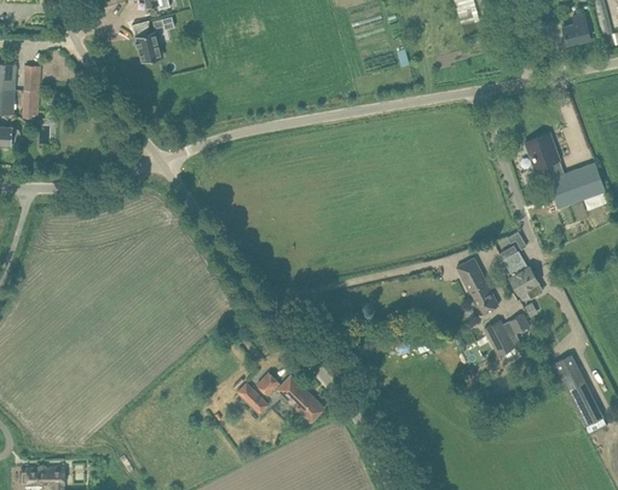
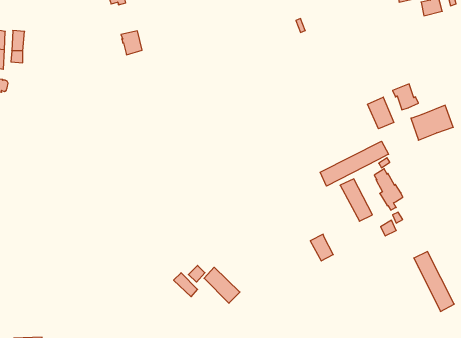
building: [134,30,162,62] -> [121,31,142,55]
building: none -> [367,97,394,129]
building: none -> [320,141,389,186]
building: [484,319,514,354] -> [310,234,333,261]

